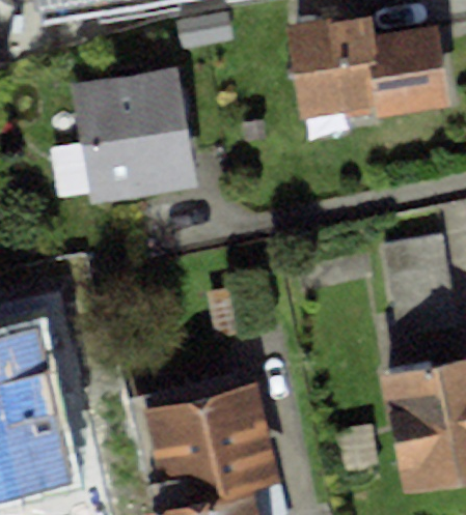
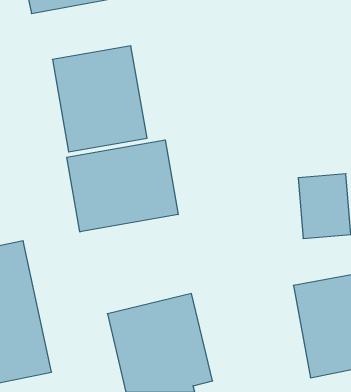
building: [284,11,450,125] -> none
building: none -> [67,140,178,232]

